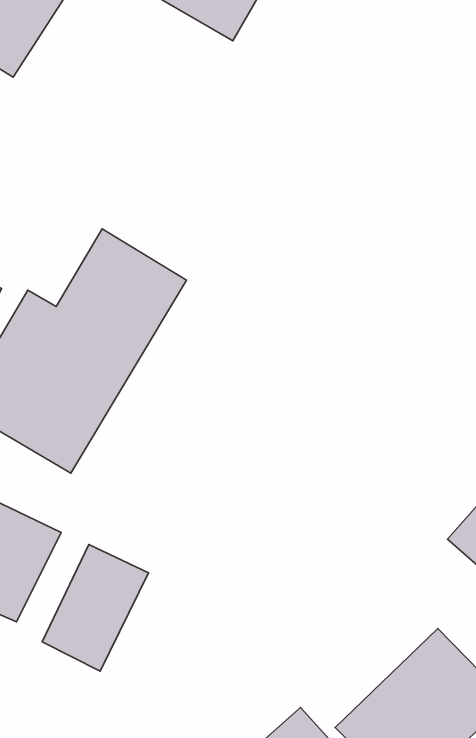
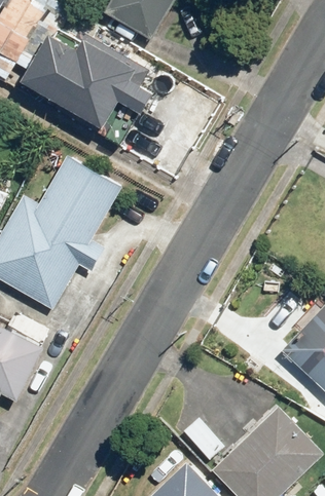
building: none -> [26,31,158,136]
building: [42,544,148,671] -> none

